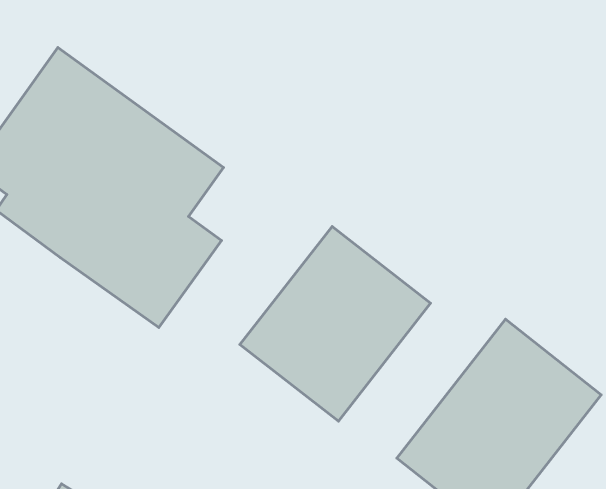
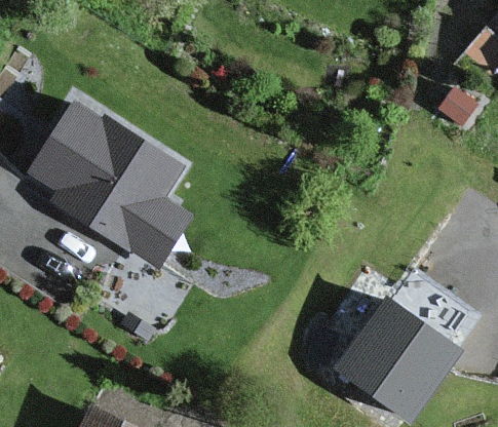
building: [240,227,431,421] -> none

